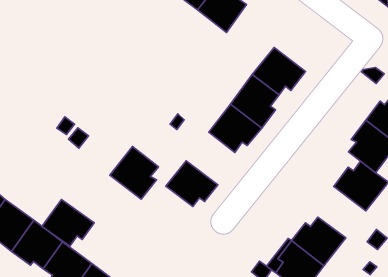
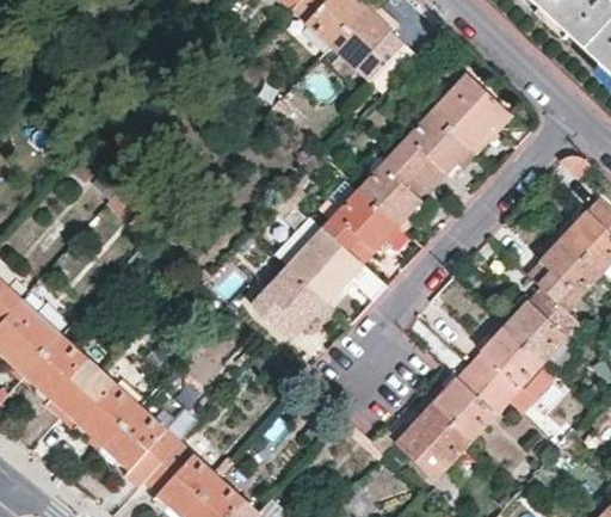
building: none -> [434,75,502,149]
building: [110,146,159,199] -> [290,226,363,304]
building: none -> [476,322,560,411]
building: [42,200,94,246] -> none

